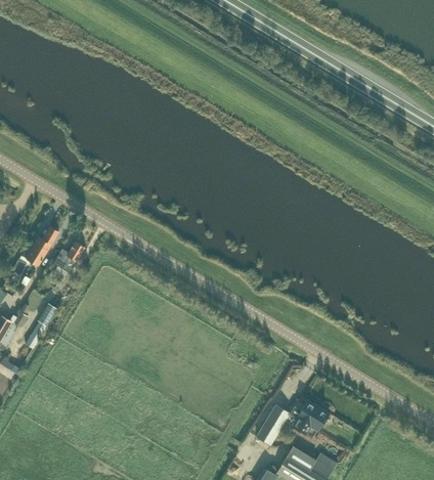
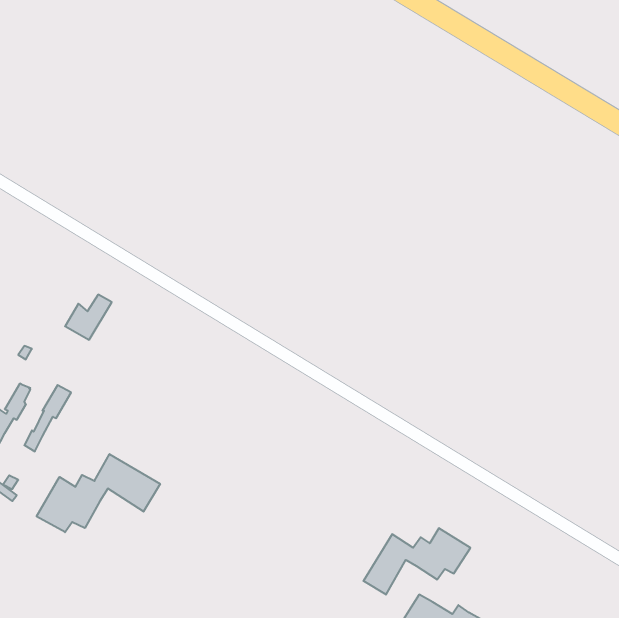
building: [25,225,58,266] -> none
building: none -> [37,454,160,532]

